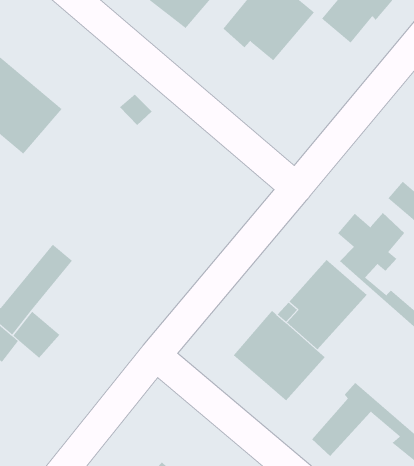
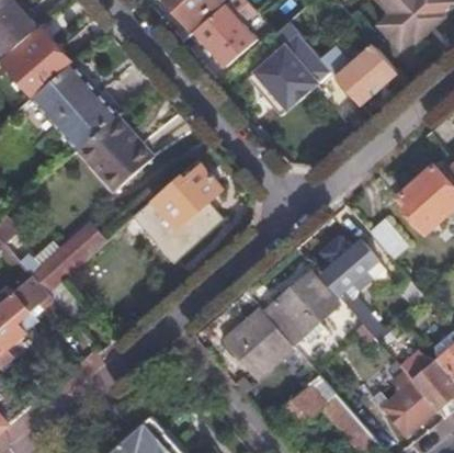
building: none -> [78,117,151,192]
building: none -> [133,160,218,259]

